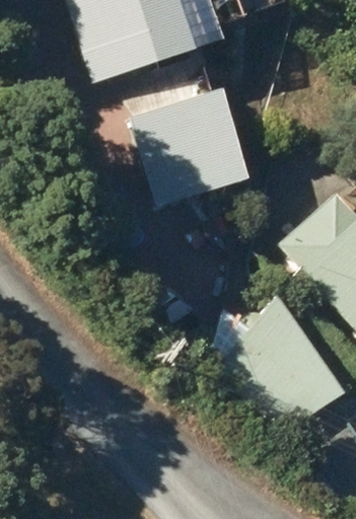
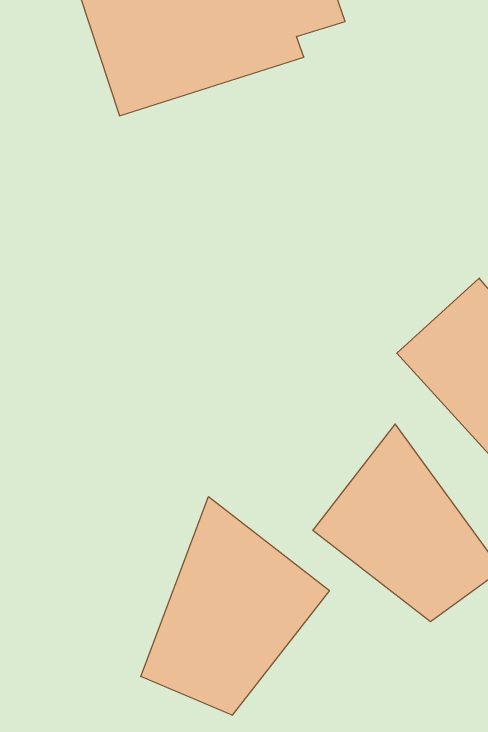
building: [123,91,234,206] -> none
building: none -> [141,497,329,715]

